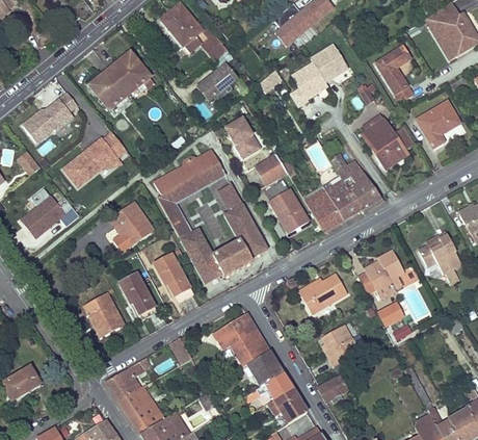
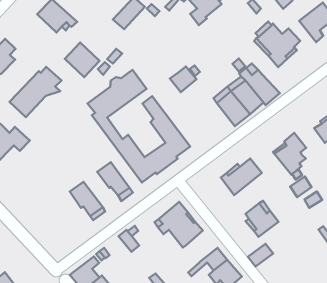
building: [88,68,129,109] -> [65,42,100,77]
building: [224,115,261,158] -> none
building: [265,179,308,231] -> none
building: [110,202,153,245] -> none
building: [84,293,123,335] -> none
building: [246,350,283,386] -> none

